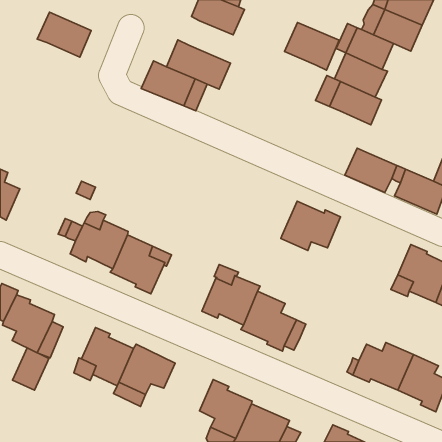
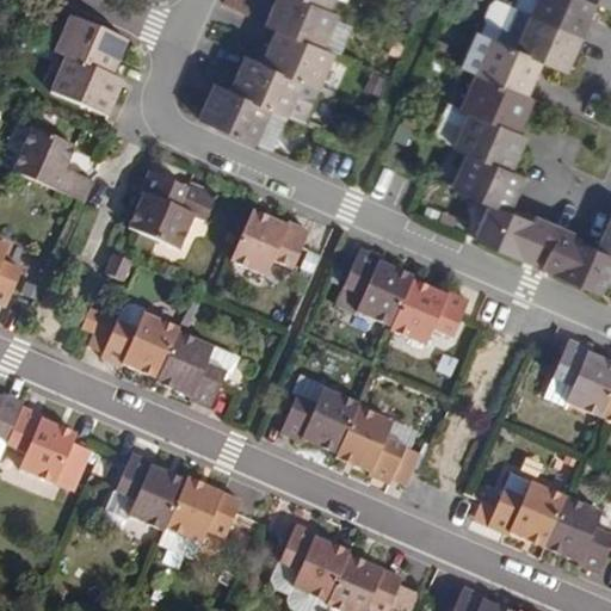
building: none -> [261,29,334,87]
building: [284,23,339,70] -> none
building: none -> [50,58,123,118]
building: none -> [12,128,94,202]
building: none -> [453,153,525,211]
building: none -> [129,168,195,251]
building: none -> [228,210,310,277]
building: none -> [340,246,412,325]
building: [12,348,49,390] -> none

